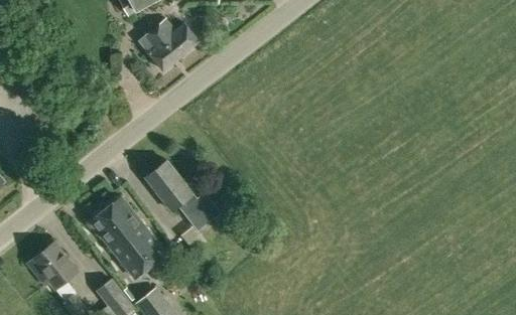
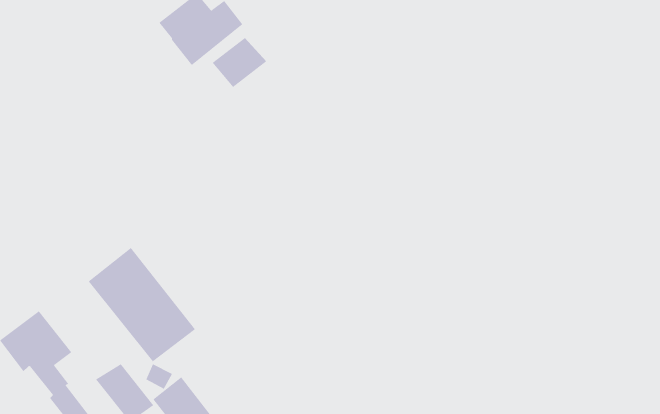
building: none -> [212,37,267,88]
building: [145,159,220,229] -> none

